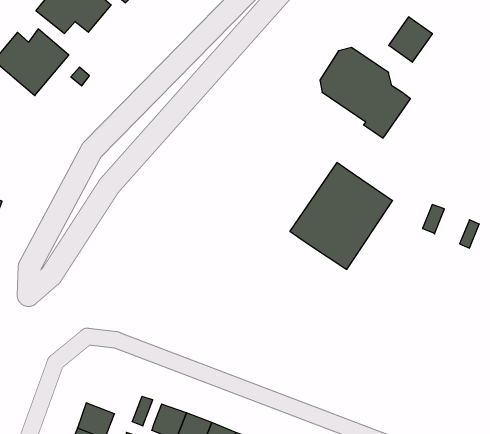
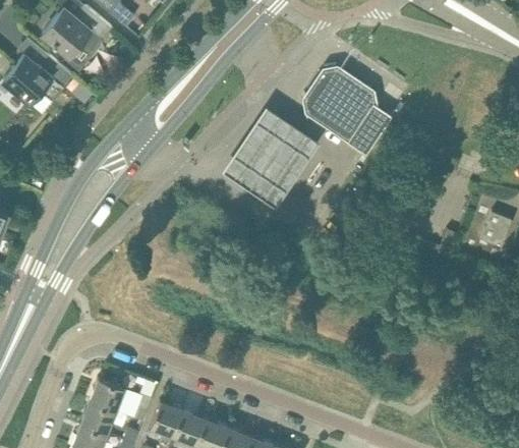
building: [389,17,432,62] -> none
building: [290,163,393,269] -> [223,102,319,202]
building: none -> [90,379,125,412]

